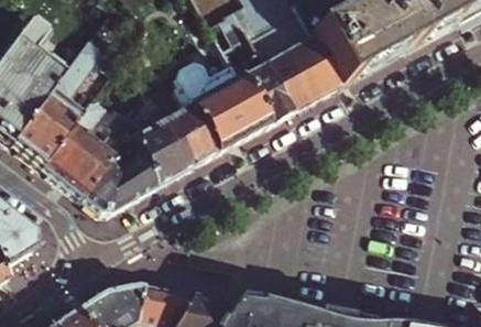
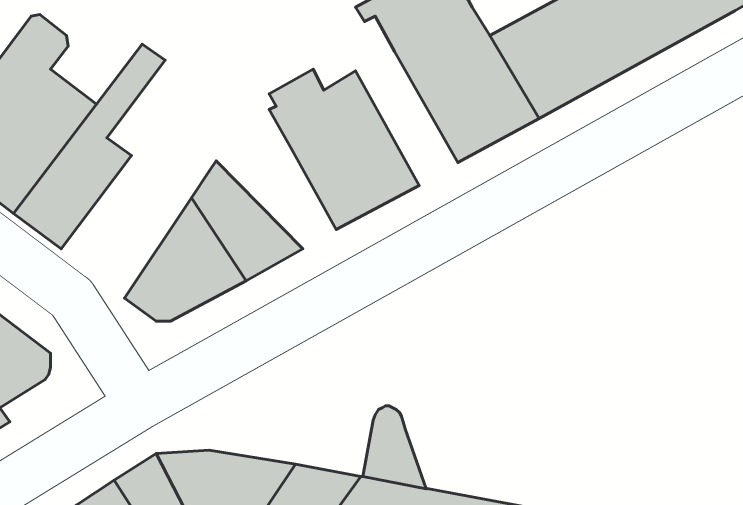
building: [226,9,296,120] -> none
building: [145,84,220,160] -> none
building: [48,89,141,190] -> none

